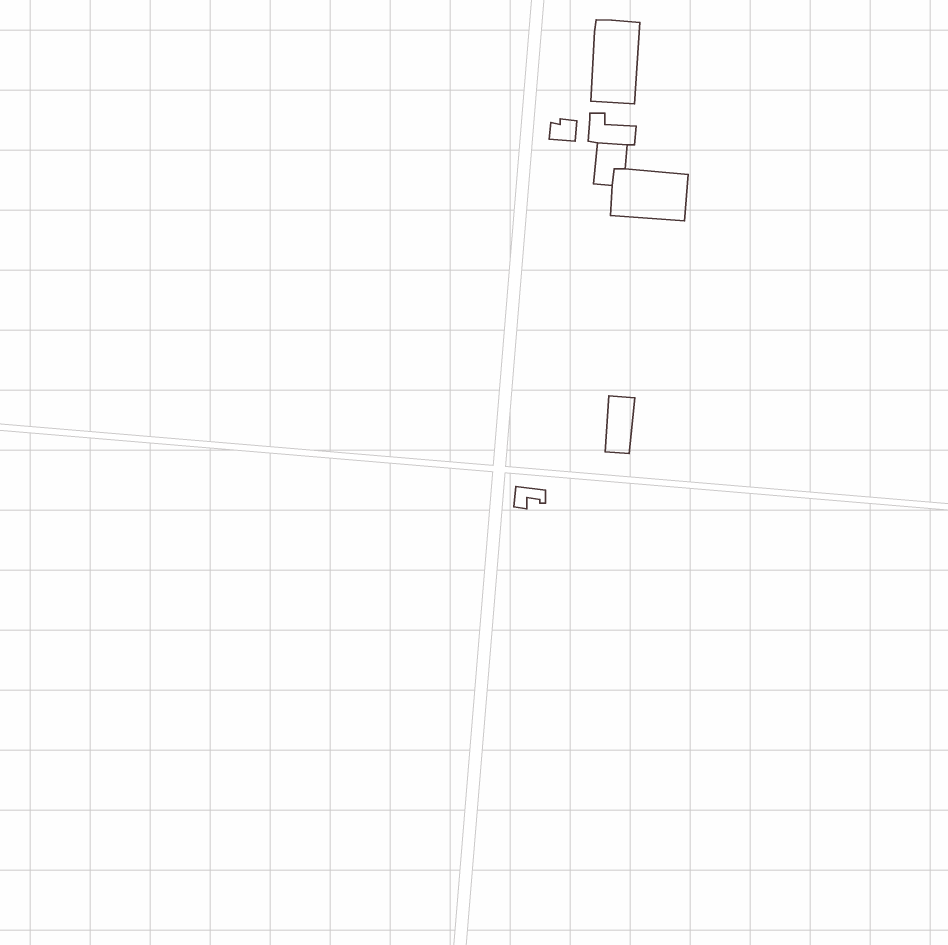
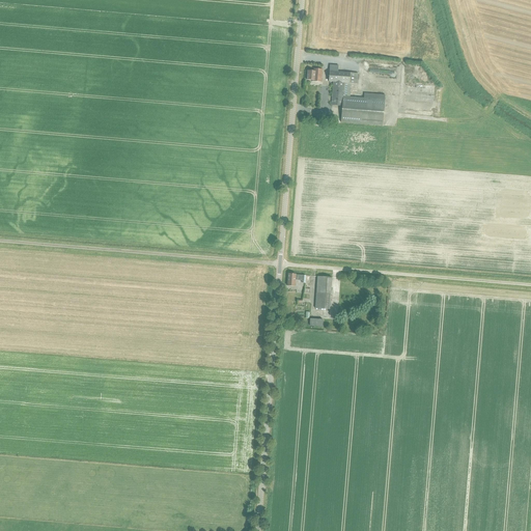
building: [591,20,640,104] -> none
building: [605,396,635,454] -> [315,275,332,307]

